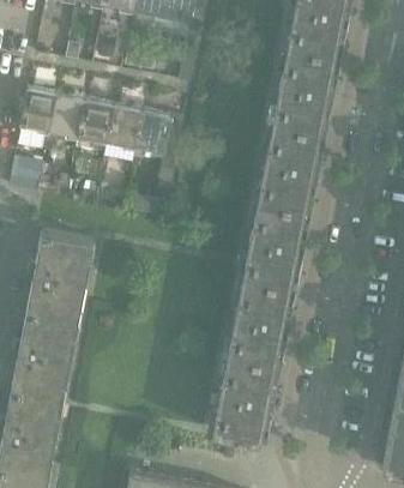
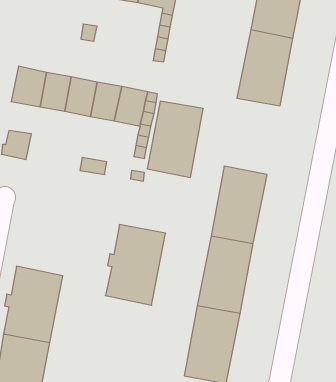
building: [257,125,319,210] -> [147,101,203,177]
building: [25,233,92,323] -> [105,225,166,305]

